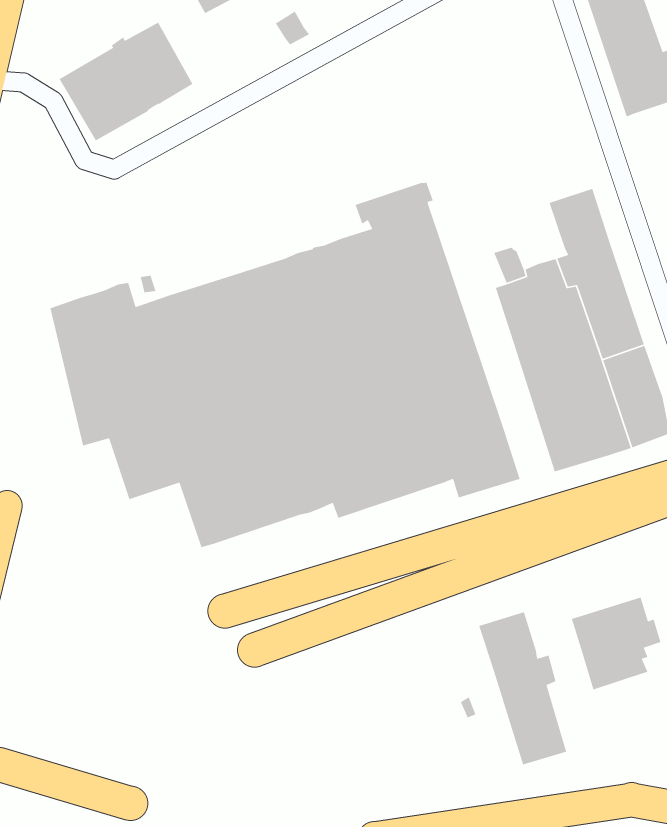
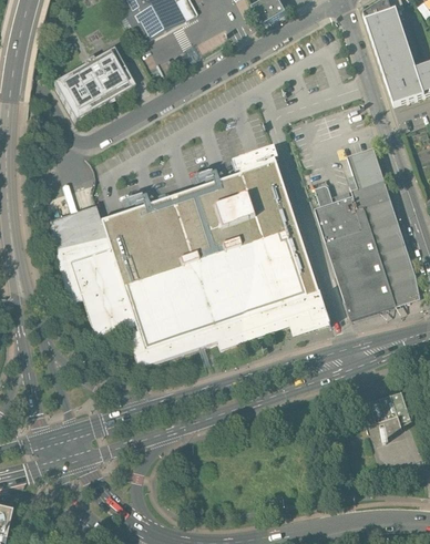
building: [478,611,567,766] -> none

